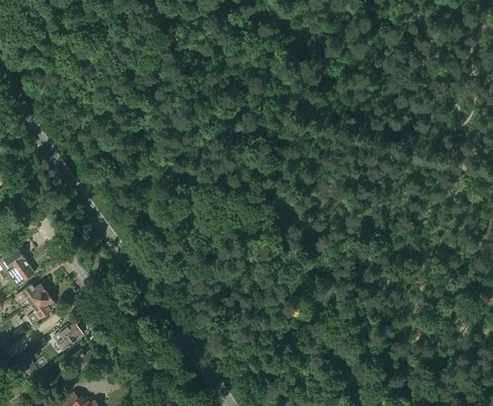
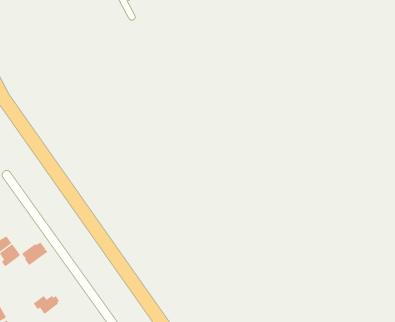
building: [55,323,84,349] -> [21,242,48,266]

